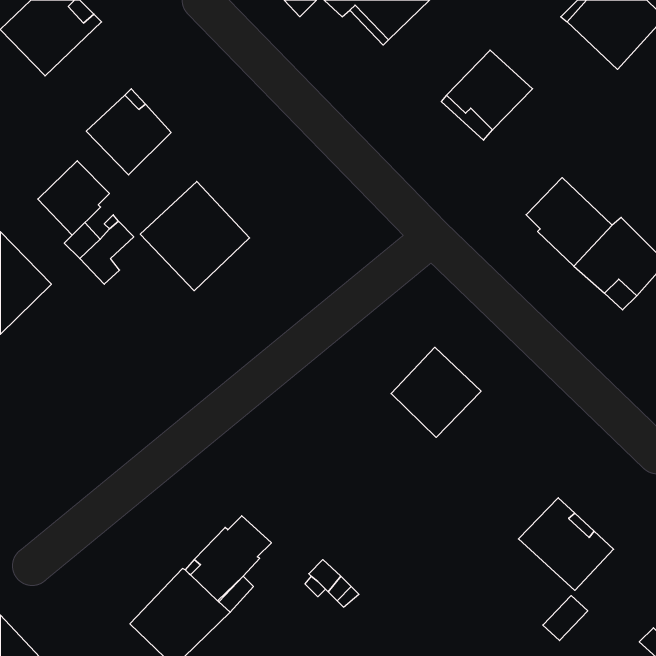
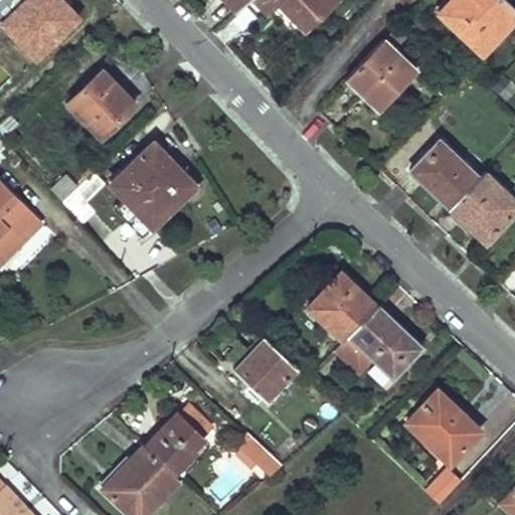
building: [38,161,109,235] -> none
building: none -> [339,306,421,378]
building: none -> [233,338,299,401]

